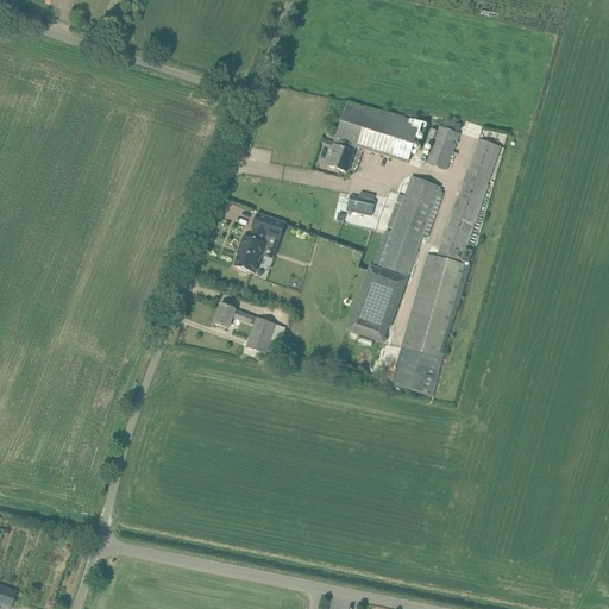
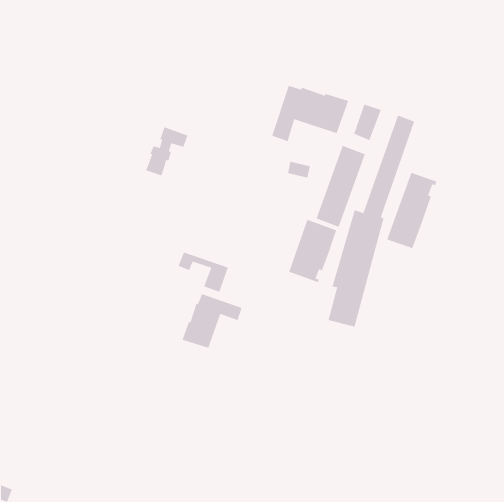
building: none -> [386,172,437,249]
building: [234,212,287,272] -> [145,126,189,177]
building: none -> [182,293,243,349]

